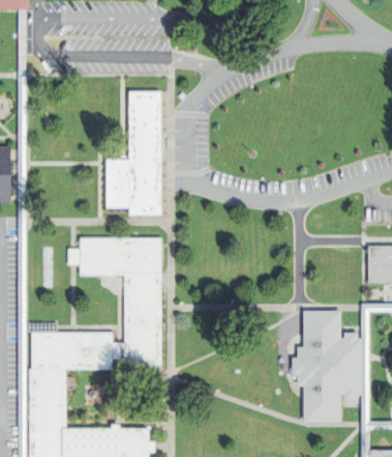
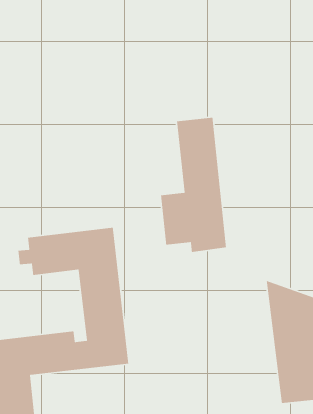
building: [104,90,162,217] -> [160,117,227,253]

